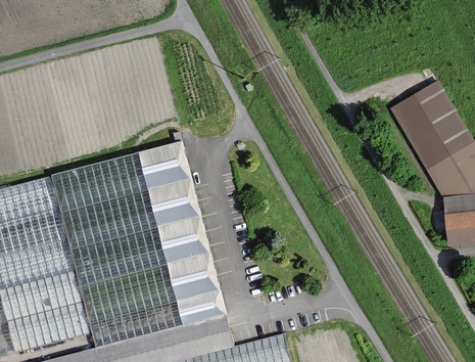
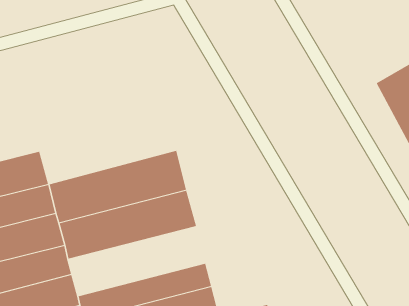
building: [49,142,189,210] -> none
building: [78,253,219,324] -> none

